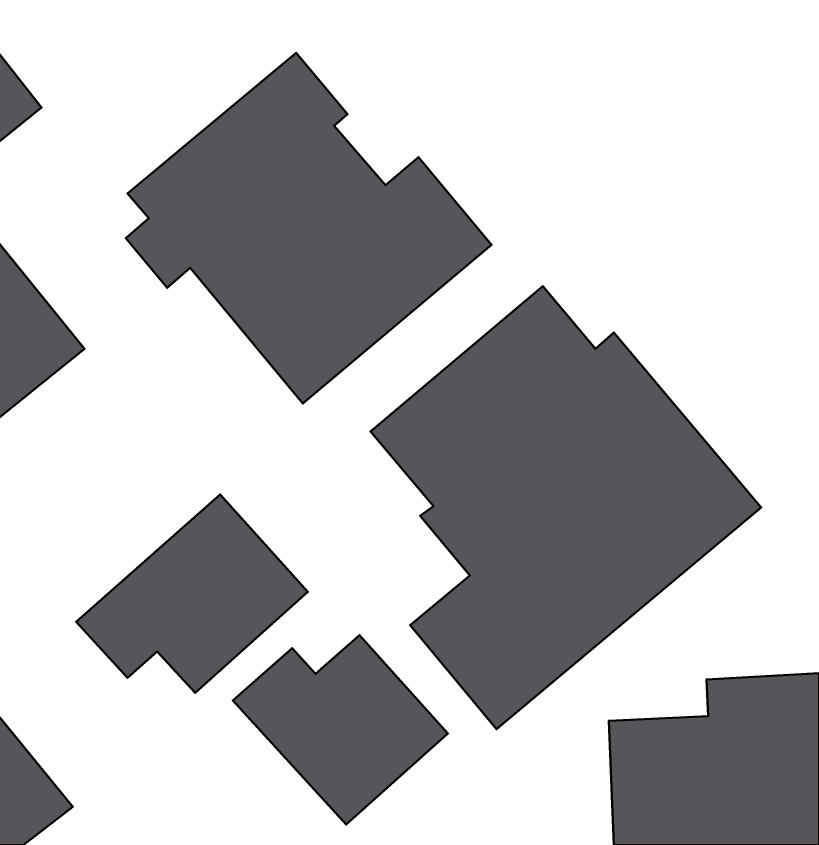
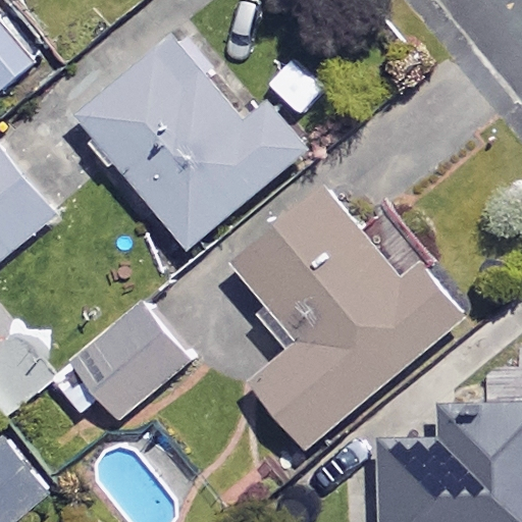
building: [233,635,448,825] -> none

